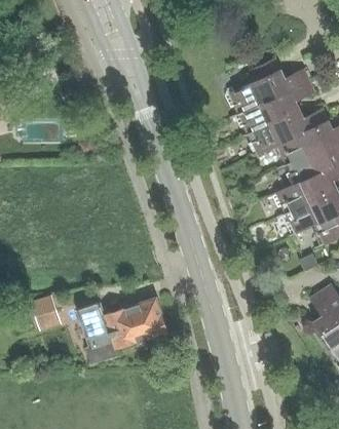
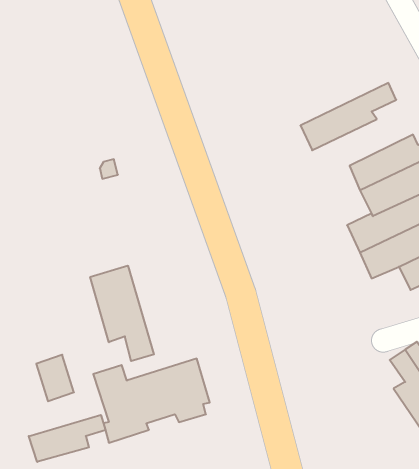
building: [226,58,309,113] -> none
building: [249,108,329,154] -> none
building: none -> [90,266,154,361]
building: none -> [29,415,105,462]

